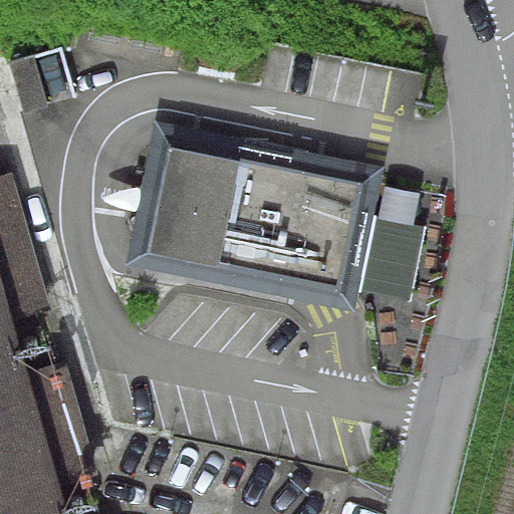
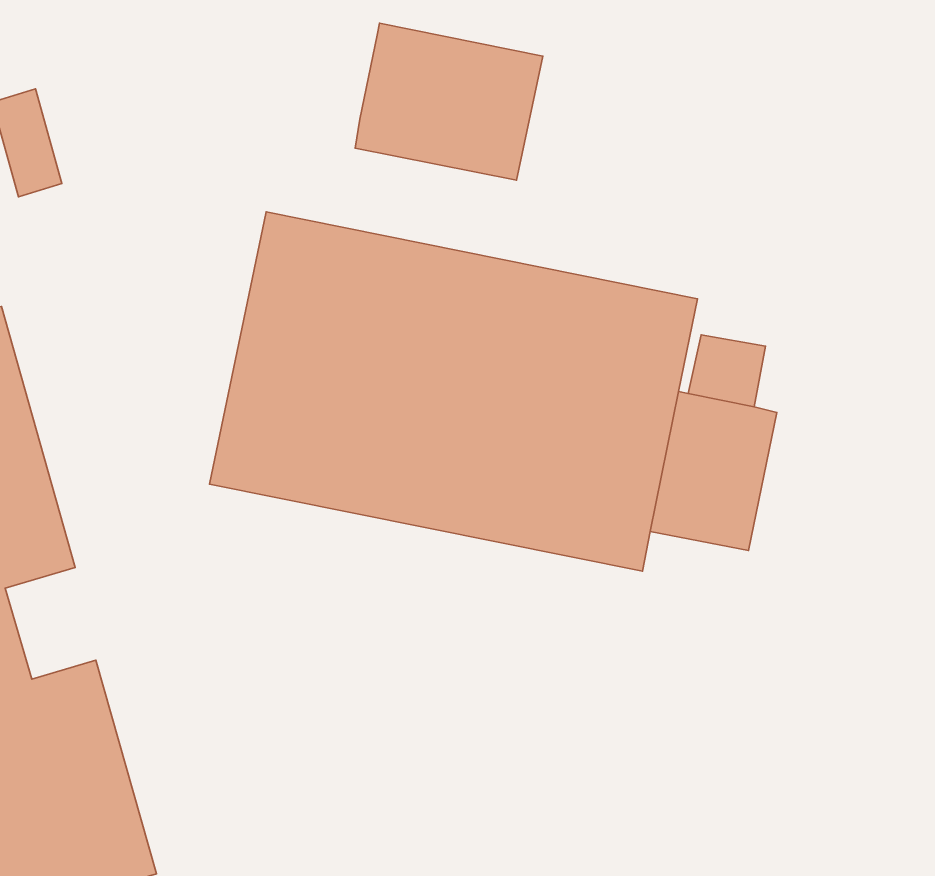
building: none -> [355,23,543,180]

